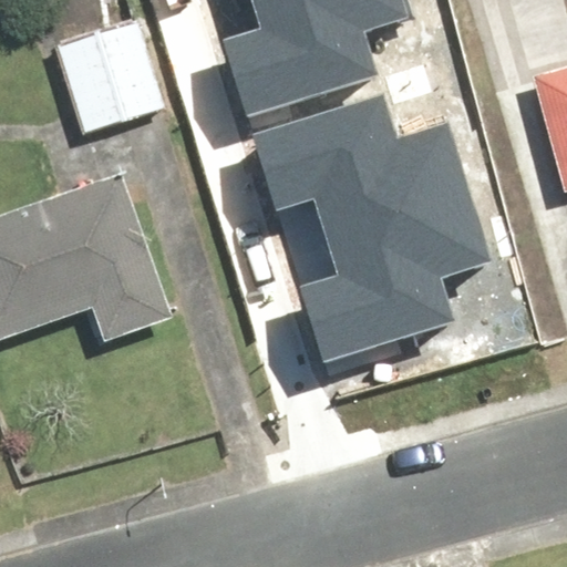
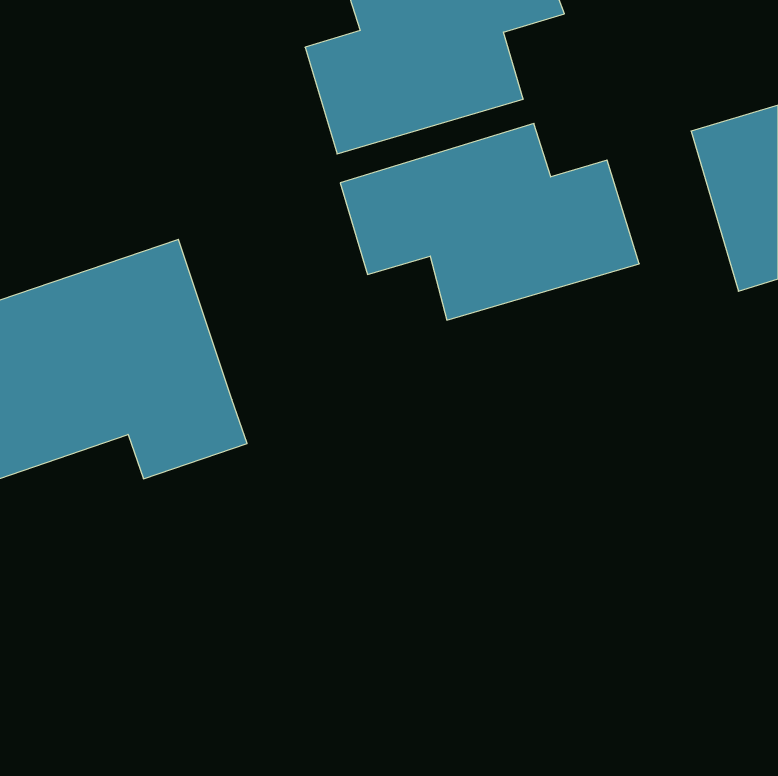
building: [59,17,176,138] -> none
building: [297,192,485,363] -> none

